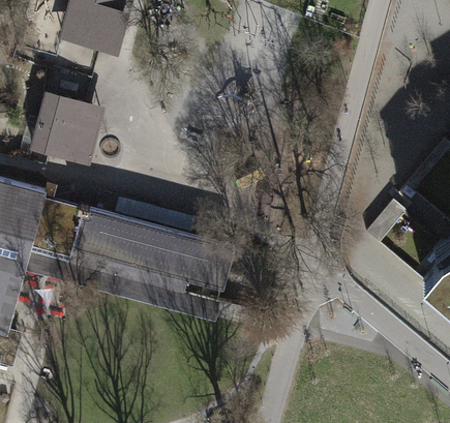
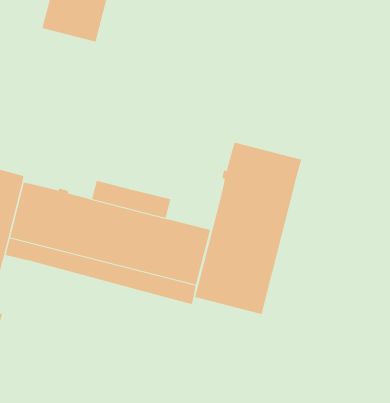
building: [31,93,102,164] -> none
building: none -> [195,142,302,315]

